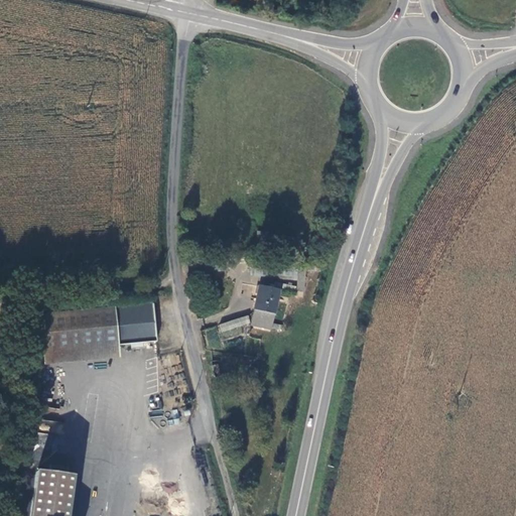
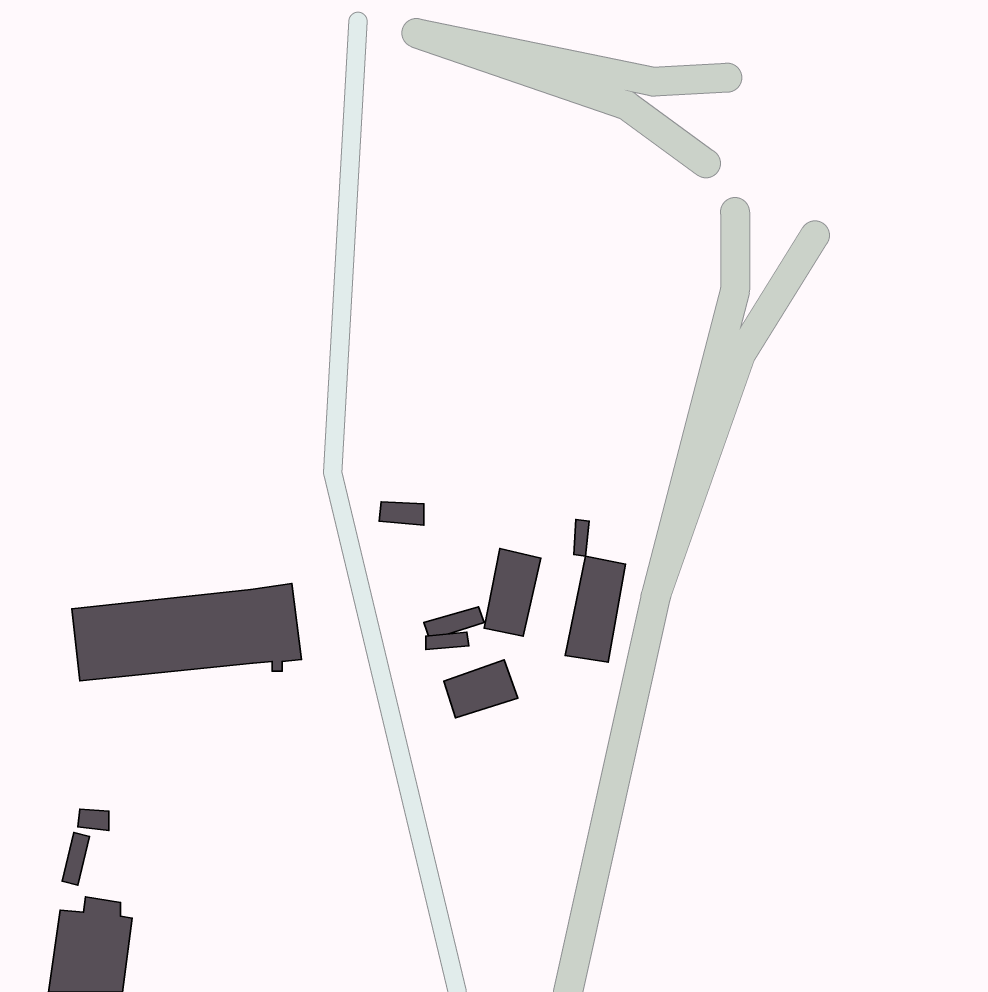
building: none -> [565,556,626,662]
building: none -> [444,660,518,718]

